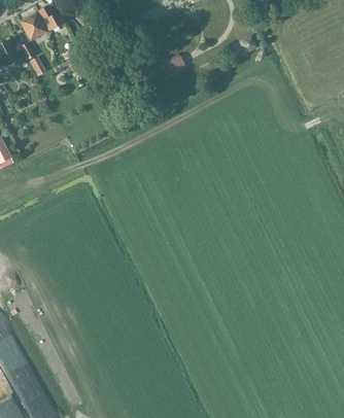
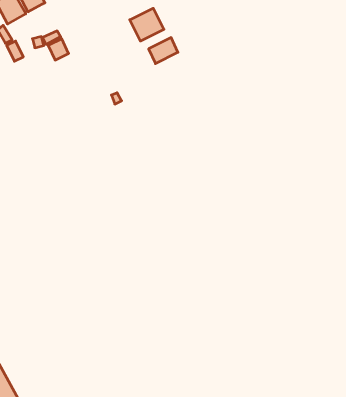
building: none -> [130,8,164,41]

